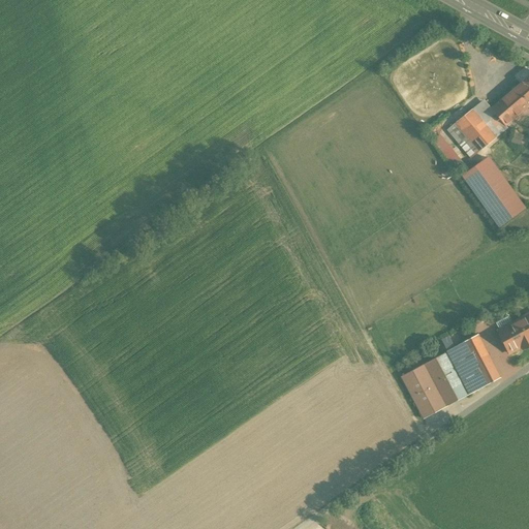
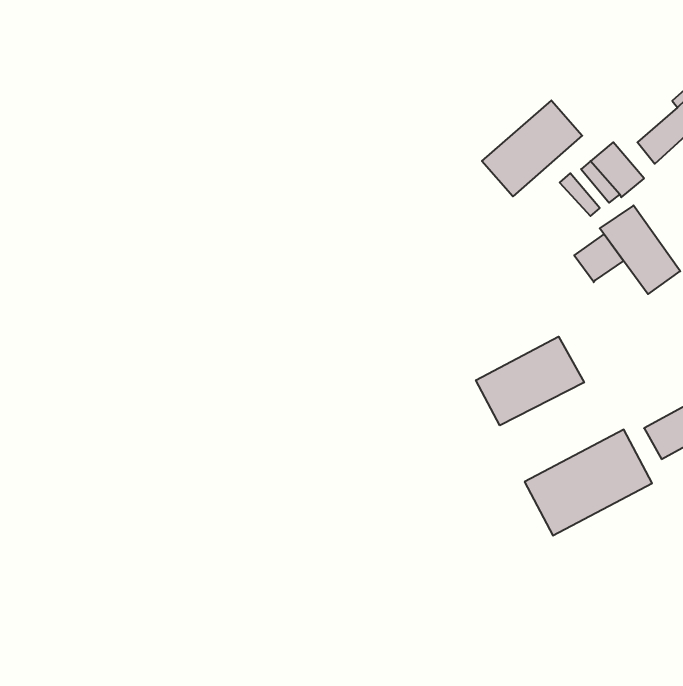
building: none -> [482,100,582,196]
building: none -> [574,234,624,282]
building: none -> [476,337,584,425]

